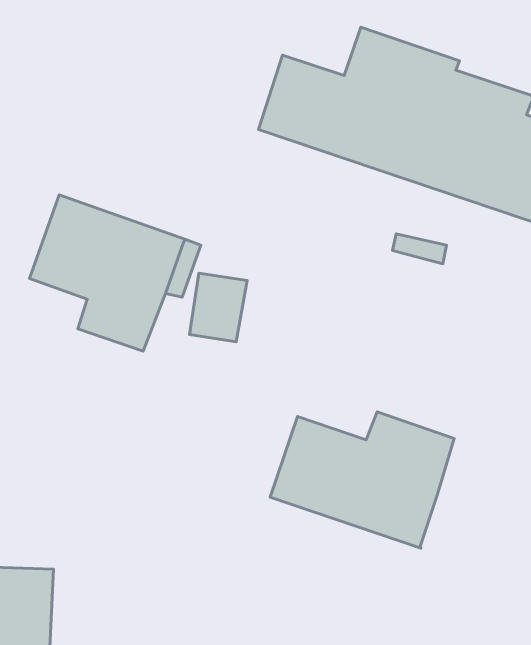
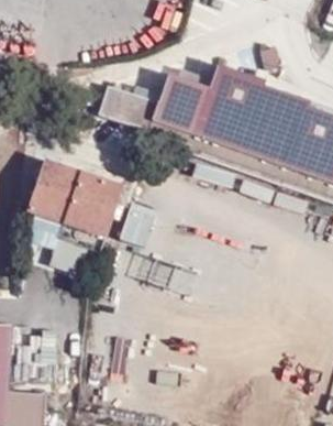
building: none -> [99,90,156,132]
building: [270,412,454,548] -> none

